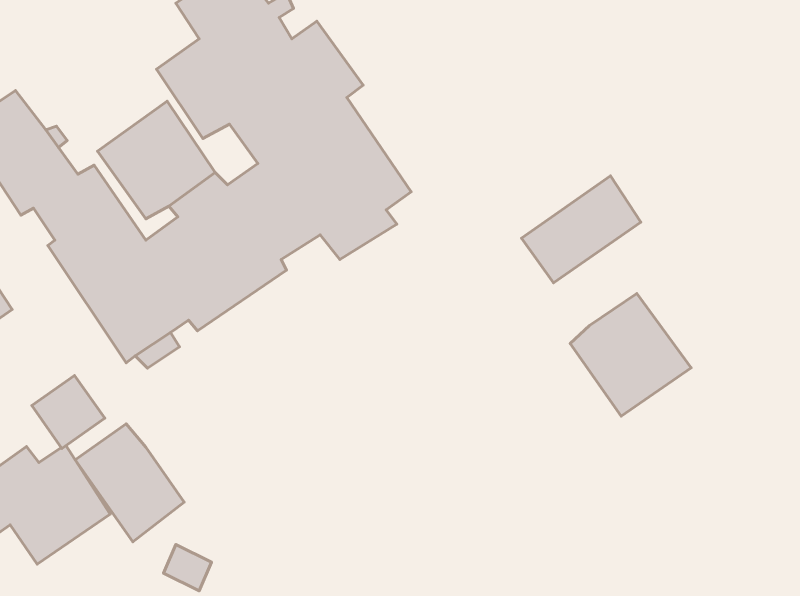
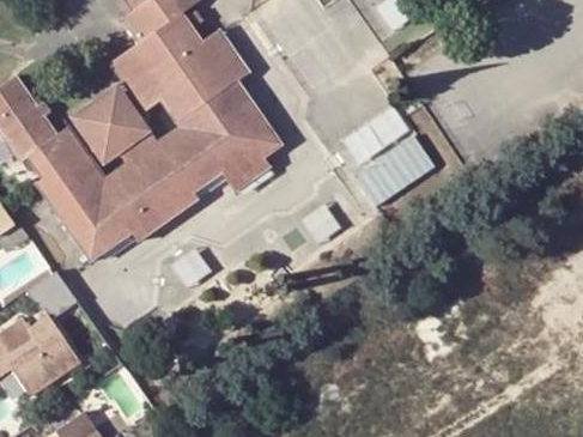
building: [570,294,691,416] -> none
building: [75,424,184,542] -> none

